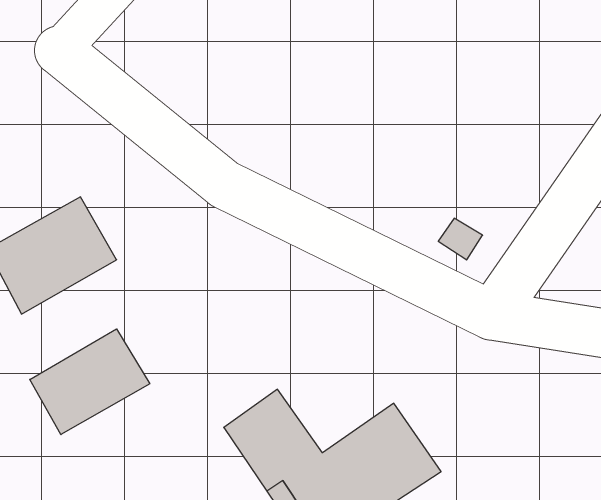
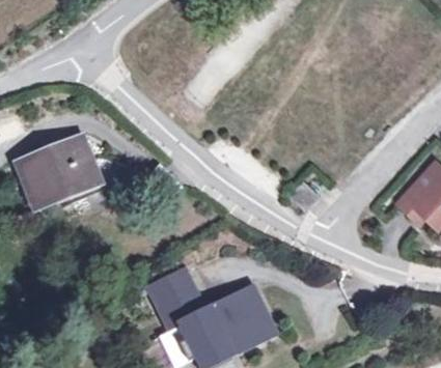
building: [30,329,150,435] -> none

